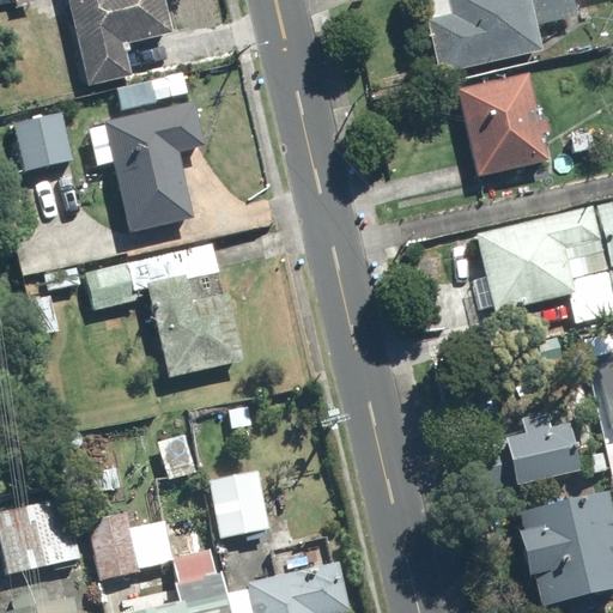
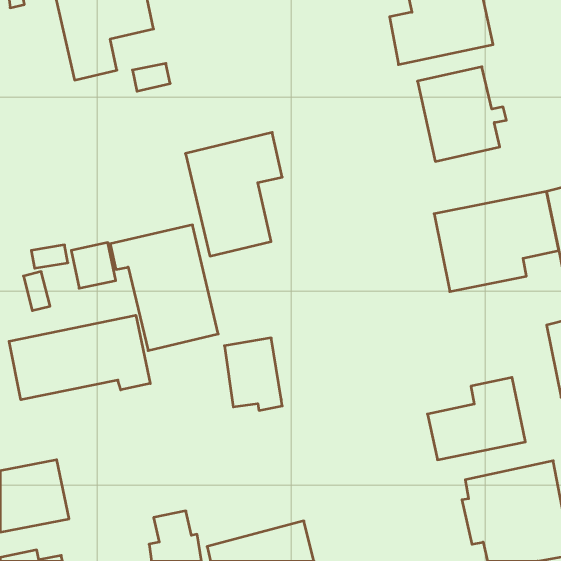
building: [103,98,207,231] -> [185,132,282,256]
building: [13,108,79,172] -> none
building: none -> [9,315,150,400]
building: [210,465,272,542] -> [224,338,282,410]
building: [85,506,172,579] -> none

